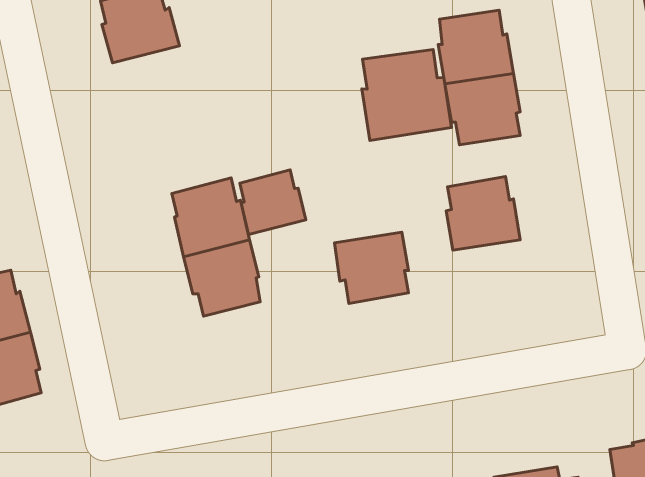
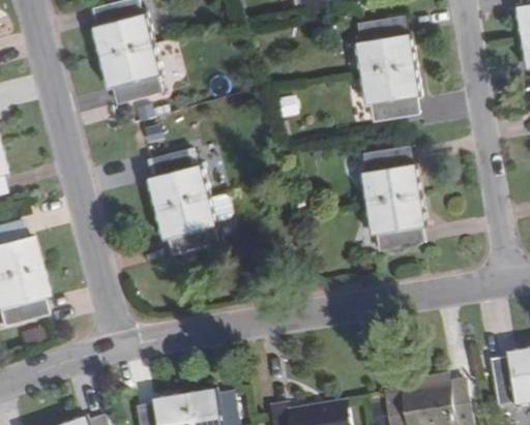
building: none -> [100,42,161,103]
building: [362,50,451,141] -> none
building: [240,170,306,235] -> none
building: [334,232,408,303] -> [367,194,425,250]

